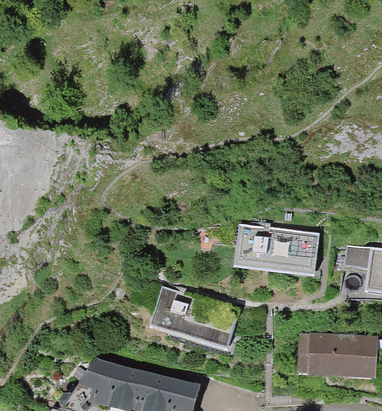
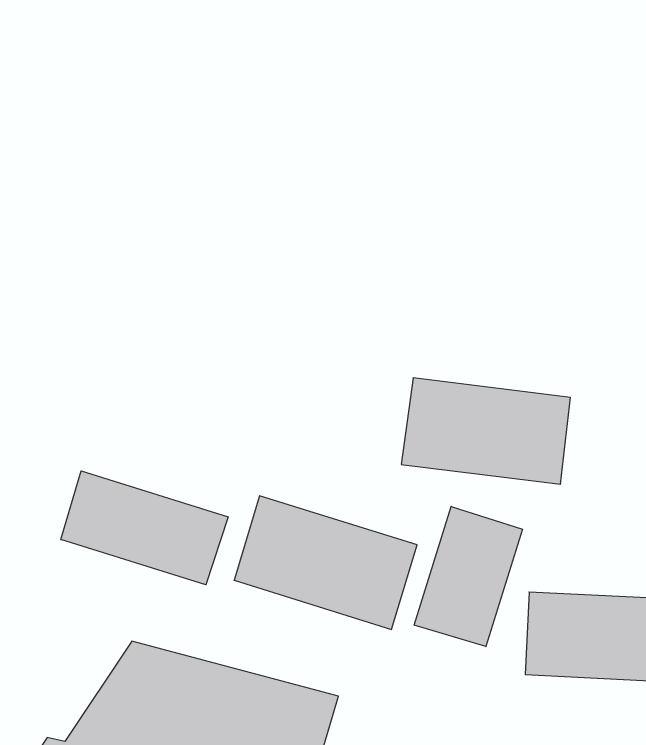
building: none -> [61,471,228,585]
building: none -> [414,506,522,647]

